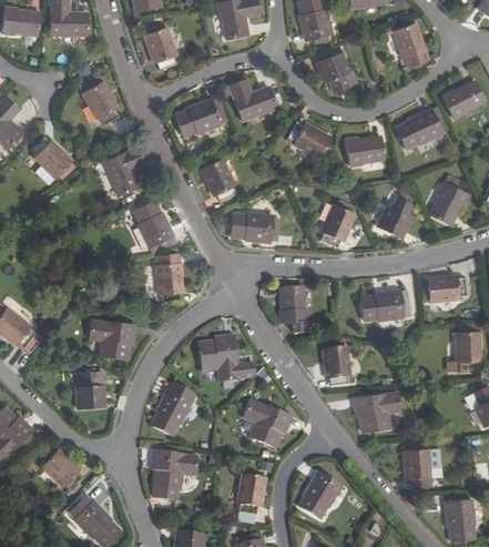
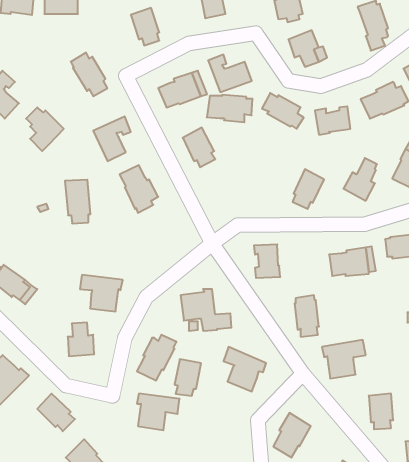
building: [230,213,279,243] -> [207,95,253,122]
building: [154,254,182,302] -> [65,180,90,223]
building: [236,474,265,514] -> [175,359,201,396]

